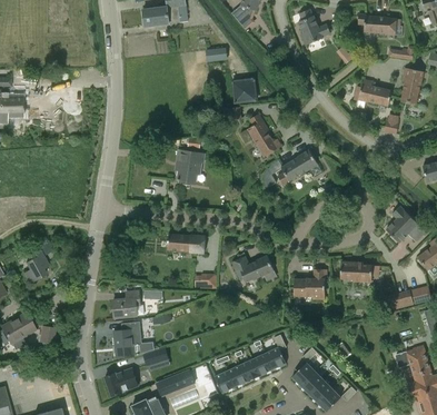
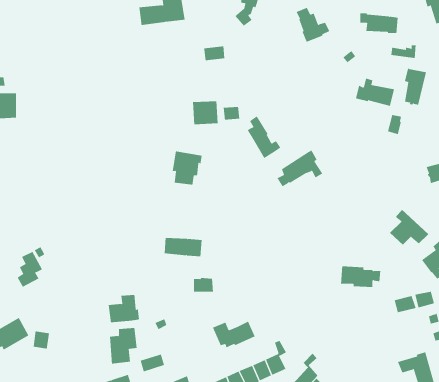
building: [235,78,260,101] -> [192,101,218,125]
building: [231,255,274,281] -> [212,321,255,348]
building: [294,269,327,299] -> none

